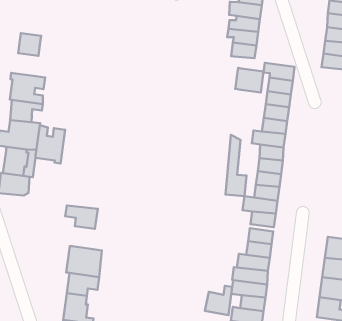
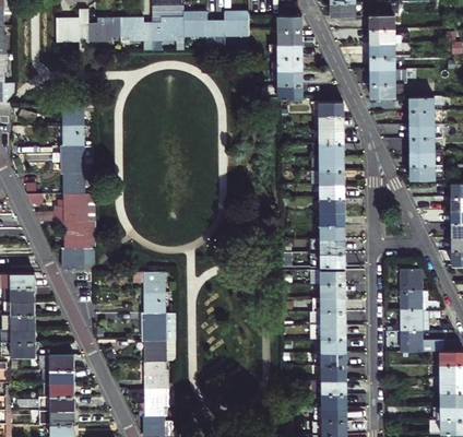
building: none -> [62,126,83,146]
building: [235,68,264,92] -> none
building: [35,125,65,163] -> none
building: [225,135,246,196] -> none
building: none -> [143,293,165,314]
building: [205,286,232,315] -> none

